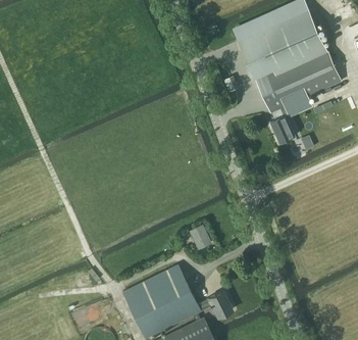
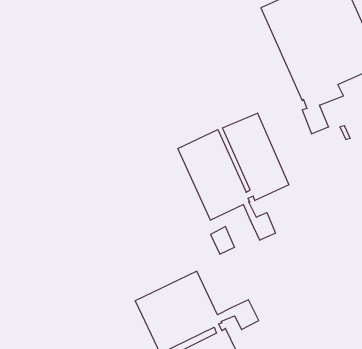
building: none -> [178,113,289,240]

